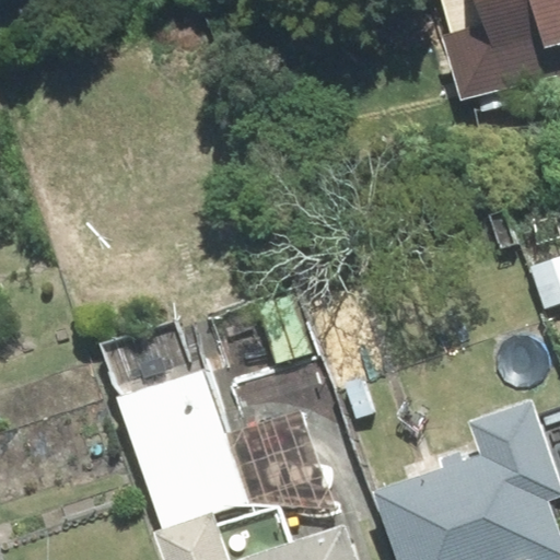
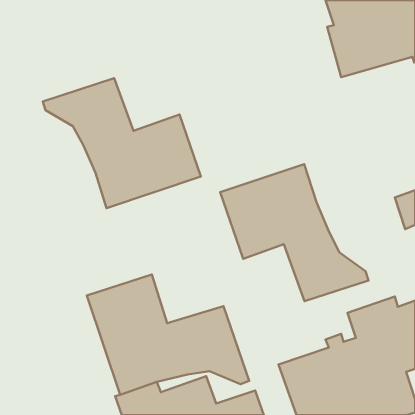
building: none -> [43,78,201,208]
building: none -> [220,164,368,301]

